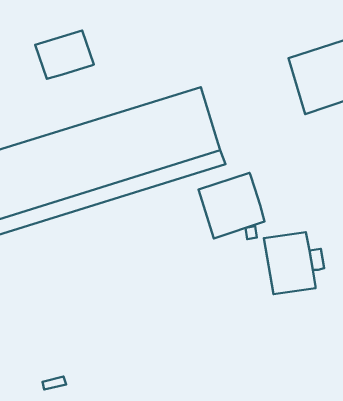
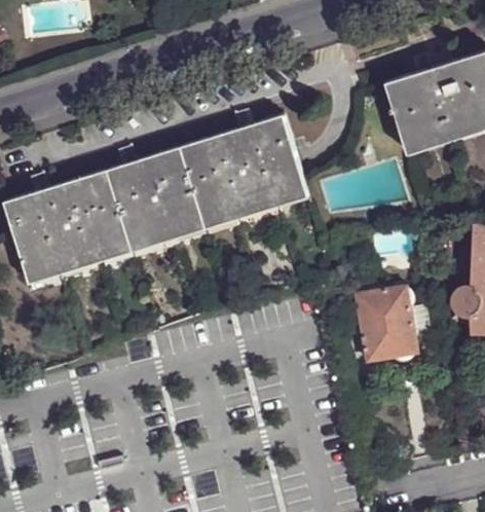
building: [35,30,94,79] -> none
building: [199,173,265,238] -> none

